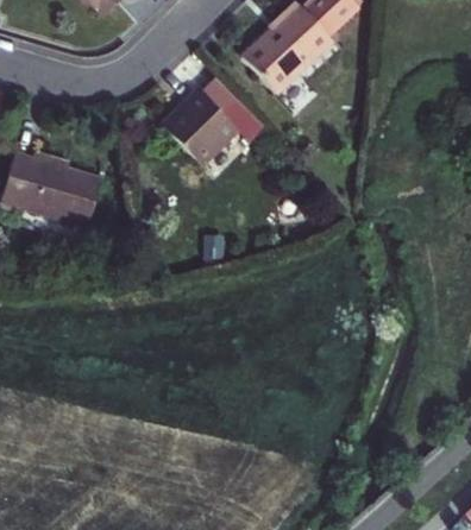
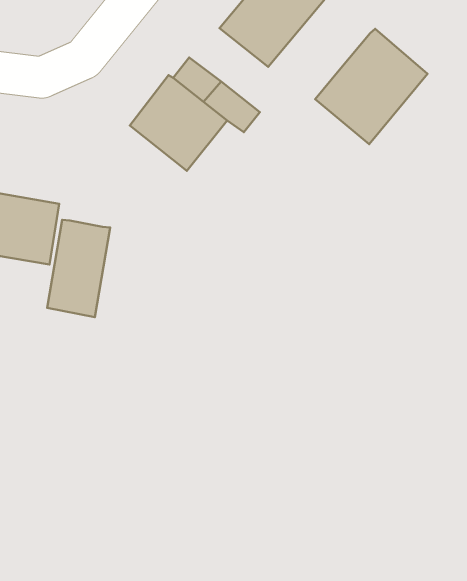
building: none -> [315,29,428,144]
building: none -> [47,220,110,317]

